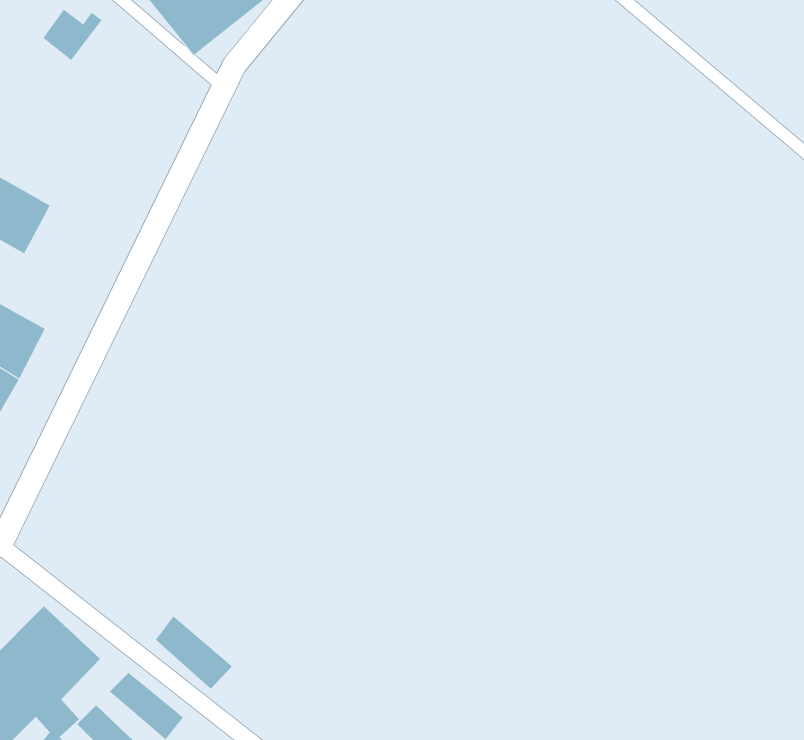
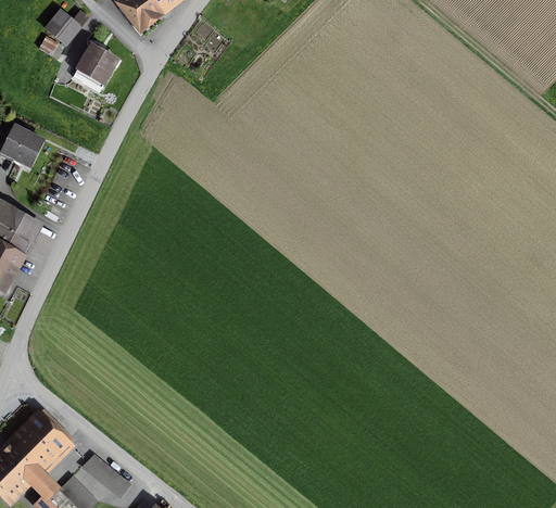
building: none -> [77,45,118,86]
building: [155,615,233,690] -> none

